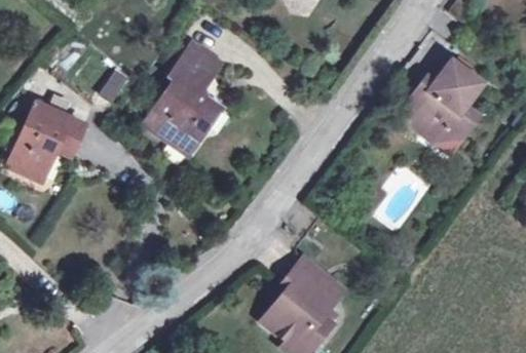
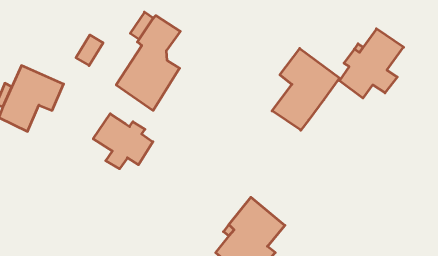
building: none -> [272,48,339,130]
building: none -> [93,114,153,169]

